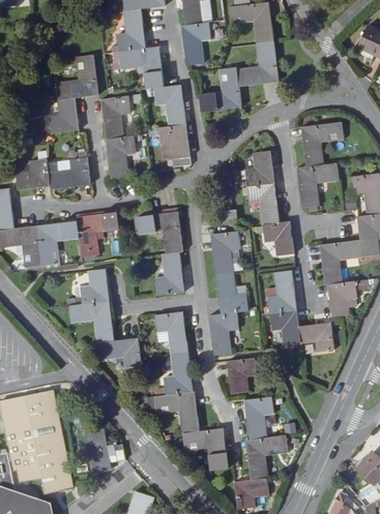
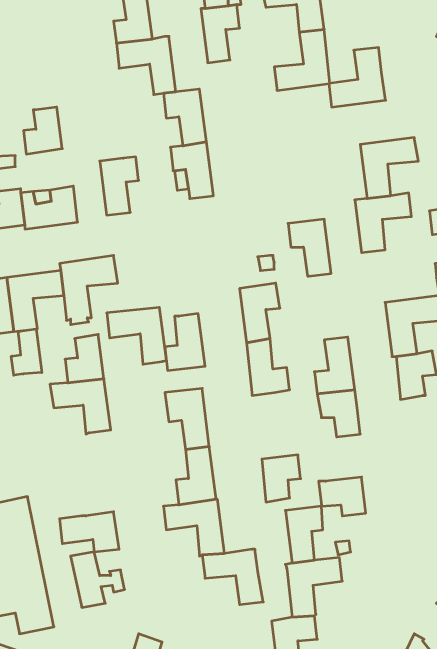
building: [55,55,97,100] -> none
building: [199,67,241,112] -> [329,48,386,107]
building: [100,96,130,139] -> none
building: [243,150,273,185] -> none
building: [138,212,182,254] -> [107,307,166,364]
building: [262,220,293,254] -> none
building: none -> [11,329,42,375]
building: [208,311,238,355] -> none
building: [298,322,333,351] -> [319,477,366,516]
building: [97,336,142,366] -> [60,512,119,552]

